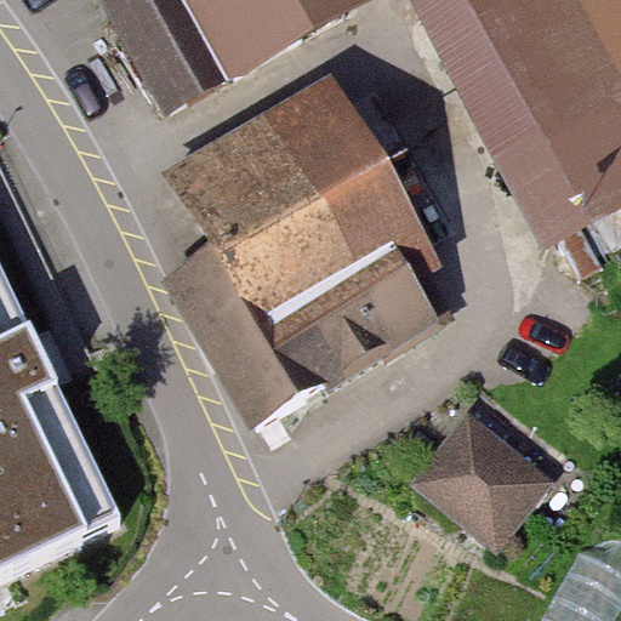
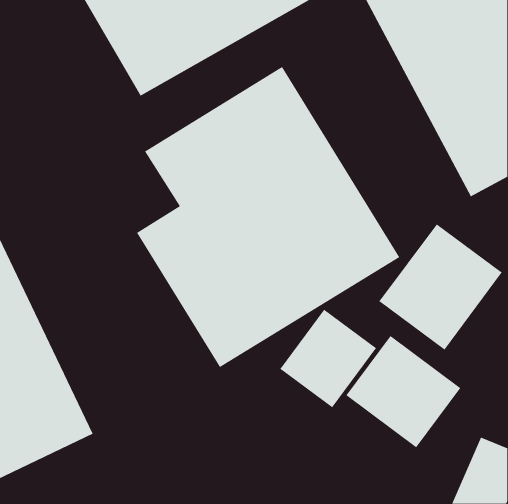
building: none -> [379,223,503,350]
building: none -> [279,309,377,408]

